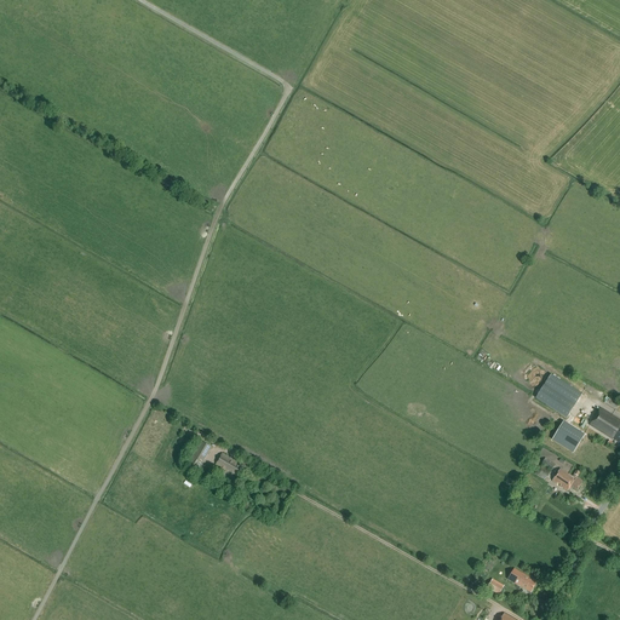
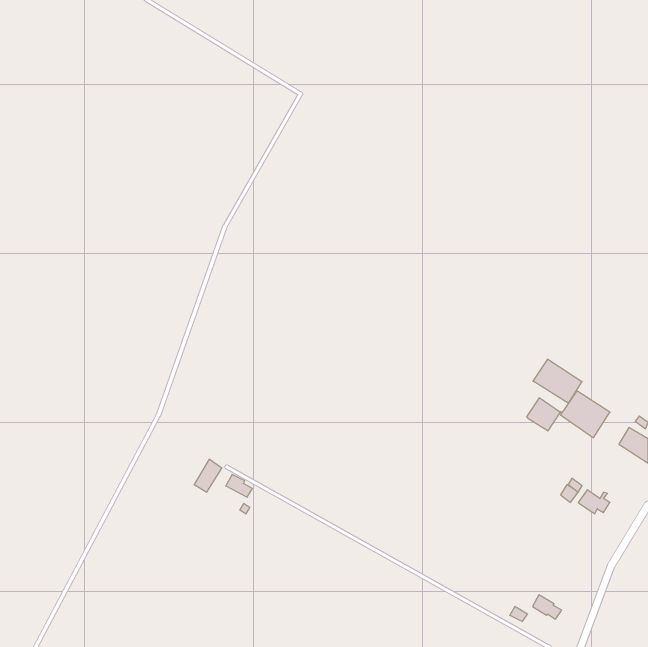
building: none -> [533,359,582,403]
building: [552,420,585,452] -> [527,398,561,431]

